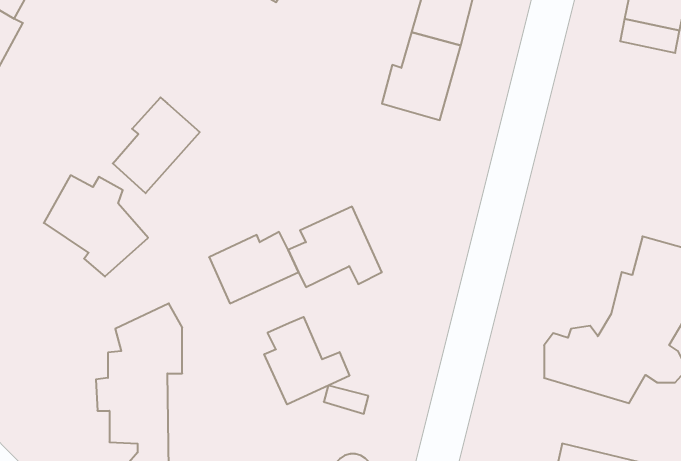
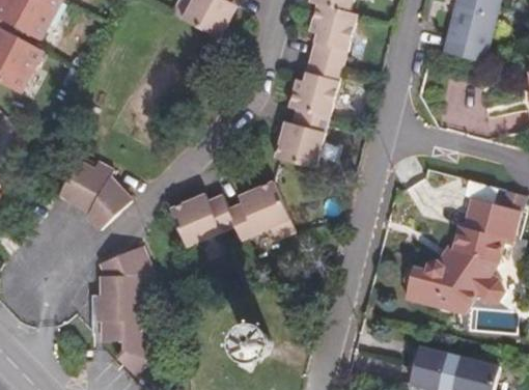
building: [113,97,200,193] -> none
building: none -> [276,110,330,167]
building: [264,317,349,404] -> none

